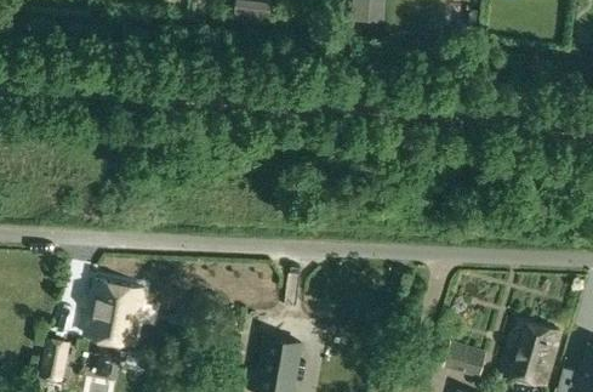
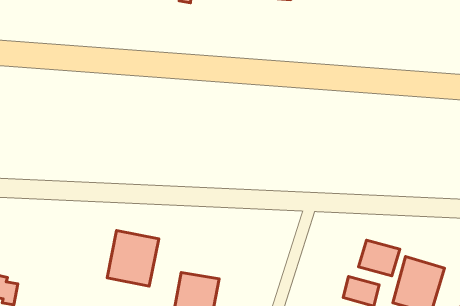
building: [84,278,143,342] -> [107,230,159,286]
building: none -> [358,240,400,276]

